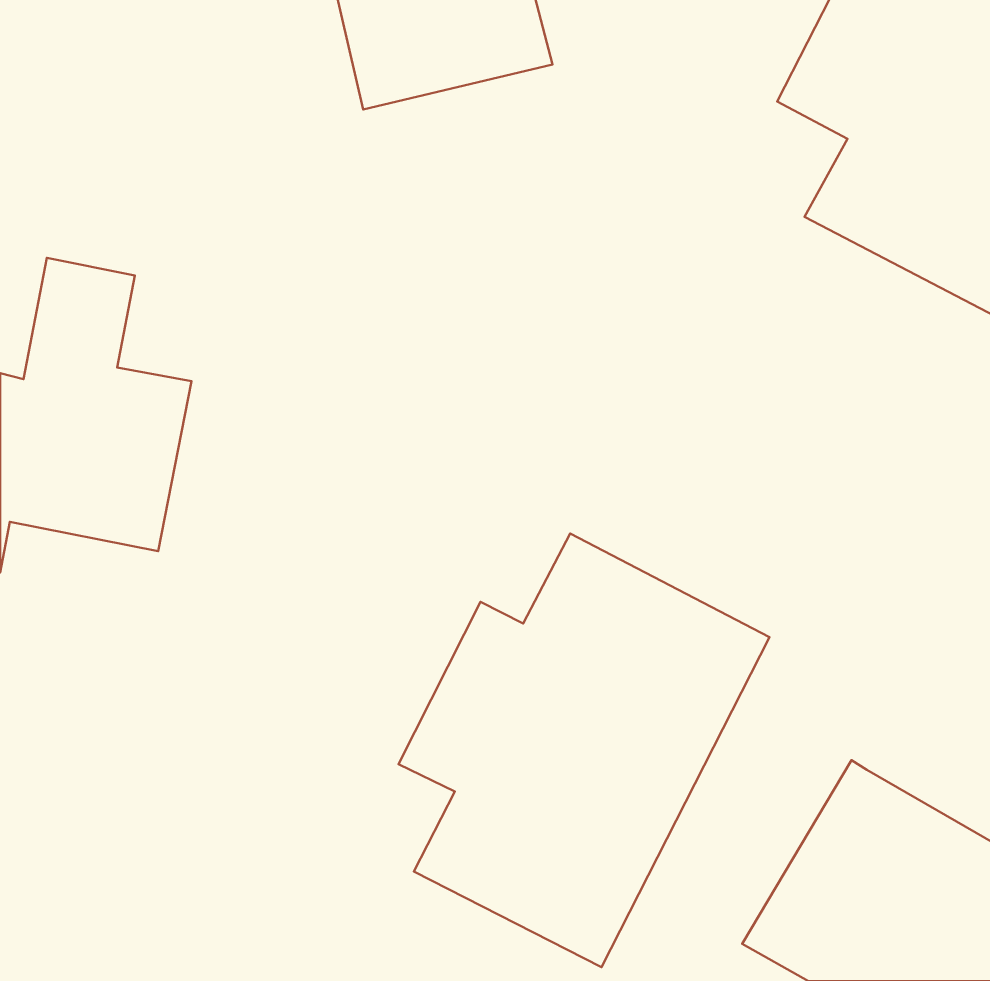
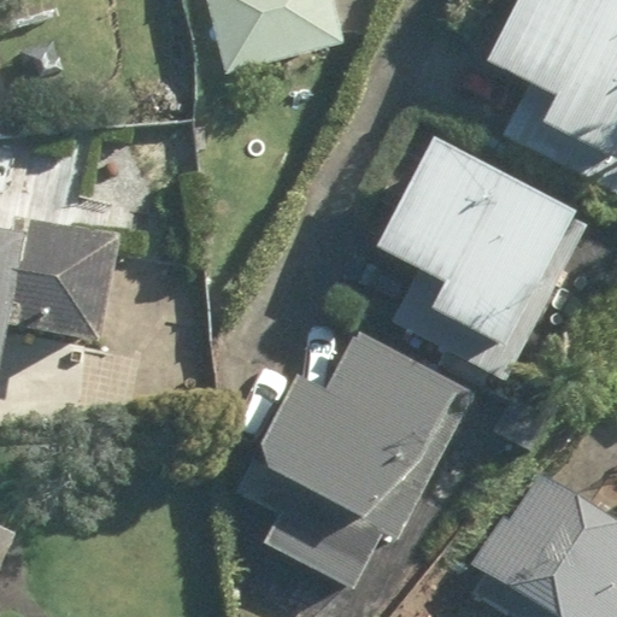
building: none -> [364,140,588,376]

